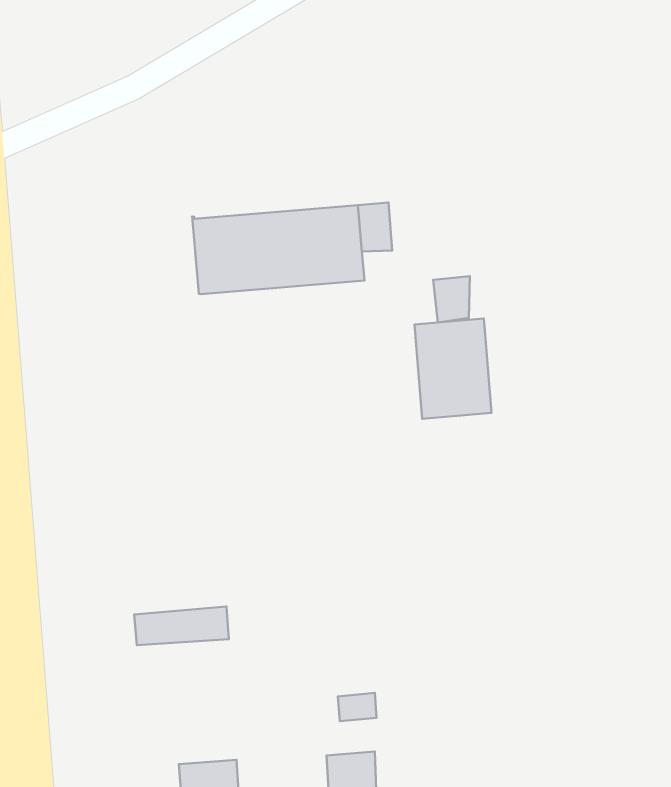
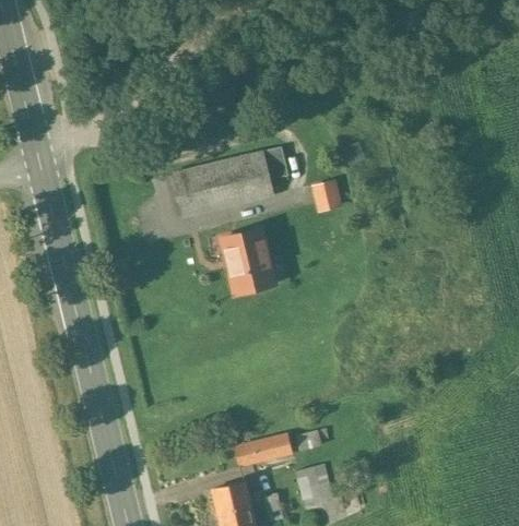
building: [414,319,492,419] -> [222,229,274,292]
building: [134,606,229,645] -> [235,433,292,464]

